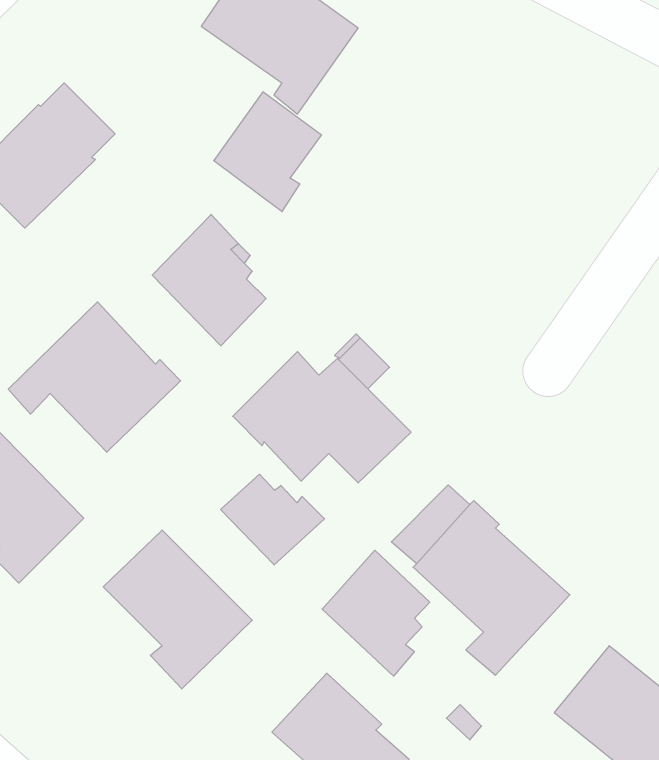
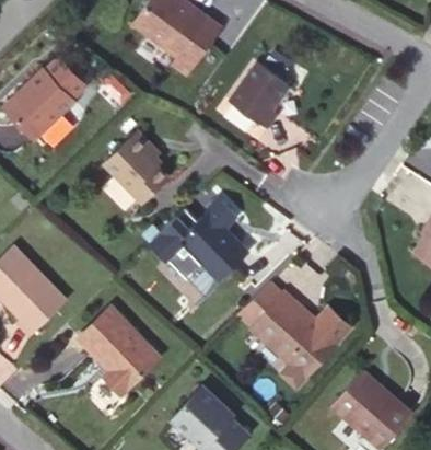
building: [214,92,322,212] -> [229,61,289,128]
building: [8,302,181,452] -> none
building: [221,474,325,565] -> none
building: [322,550,430,676] -> none

